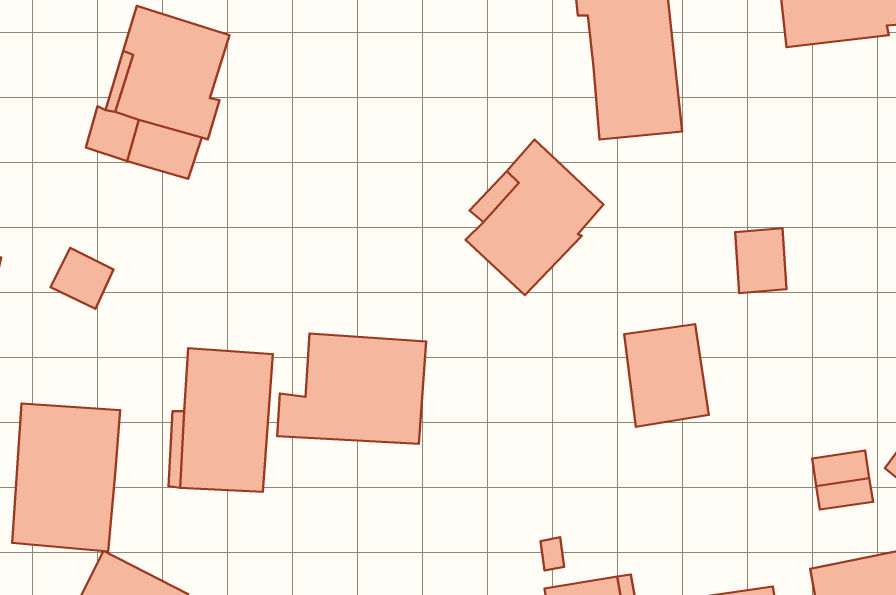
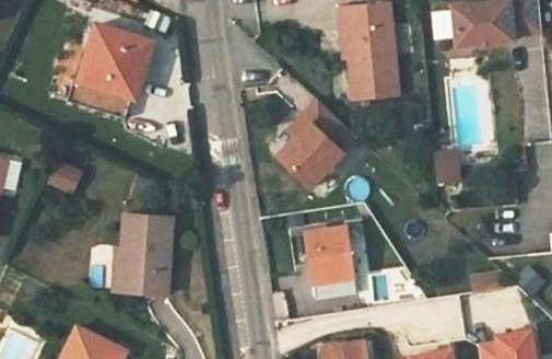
building: [624,324,709,427] -> [306,227,353,283]
building: [277,333,426,444] -> none
building: [12,403,120,551] -> none

